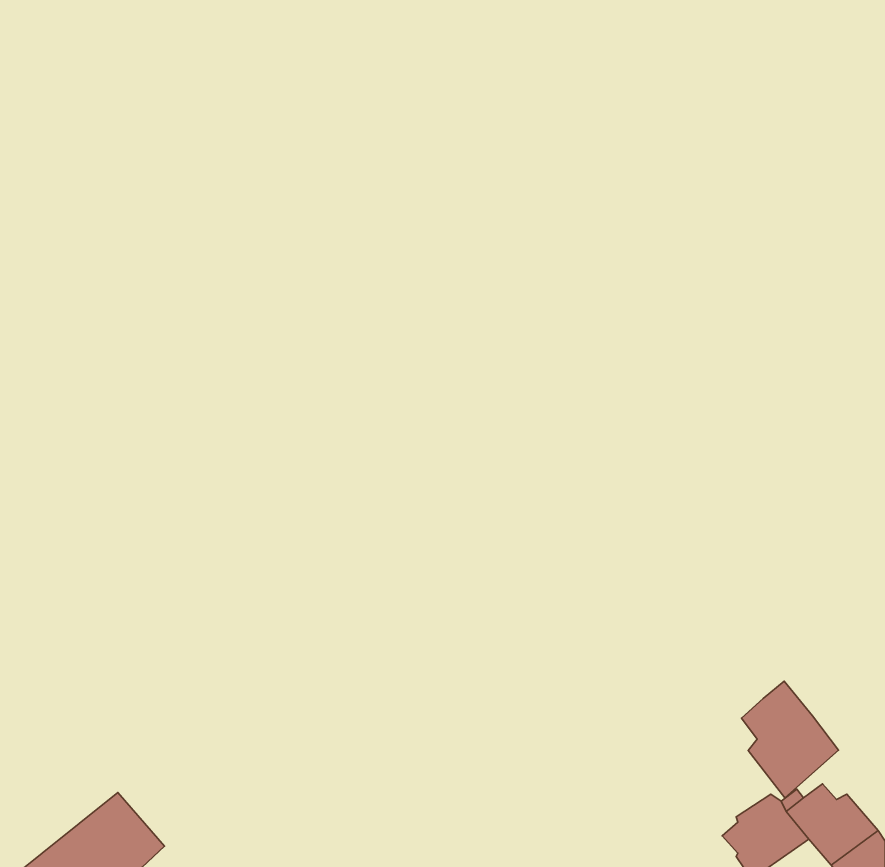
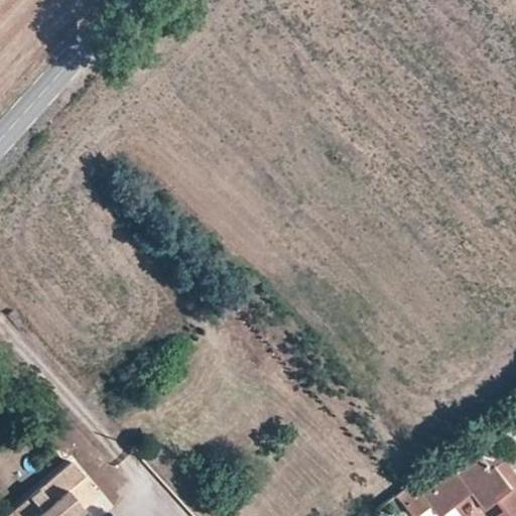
building: [742,681,838,798] -> none

